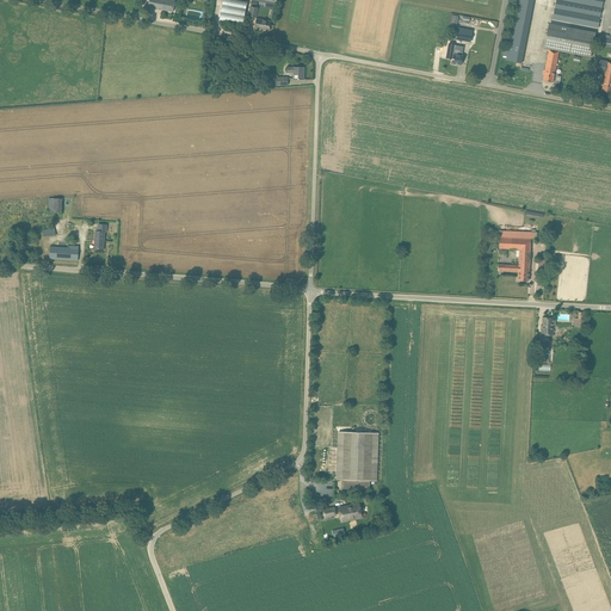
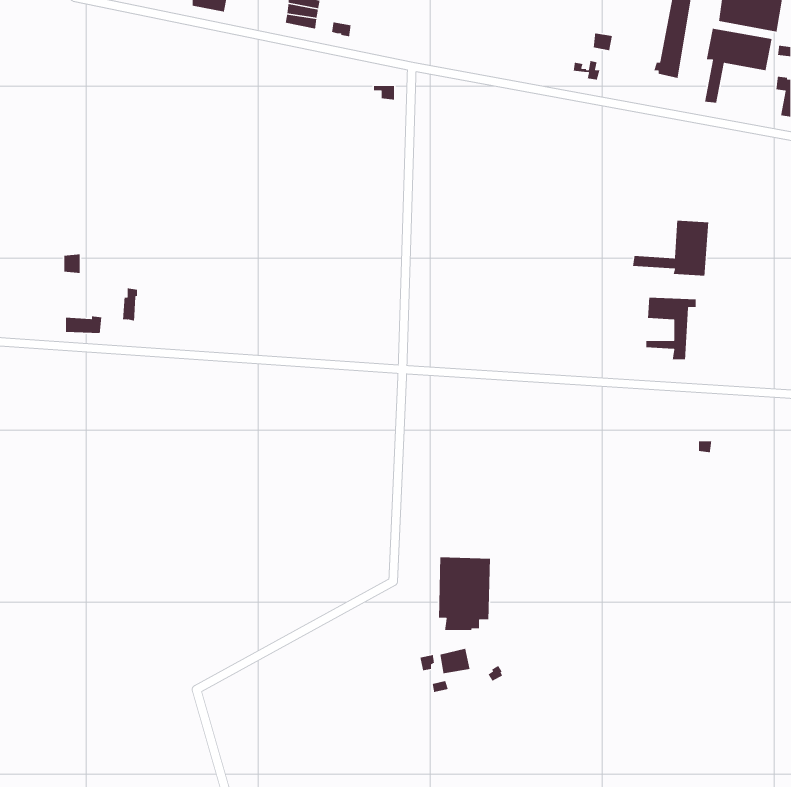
building: none -> [632,220,709,276]

